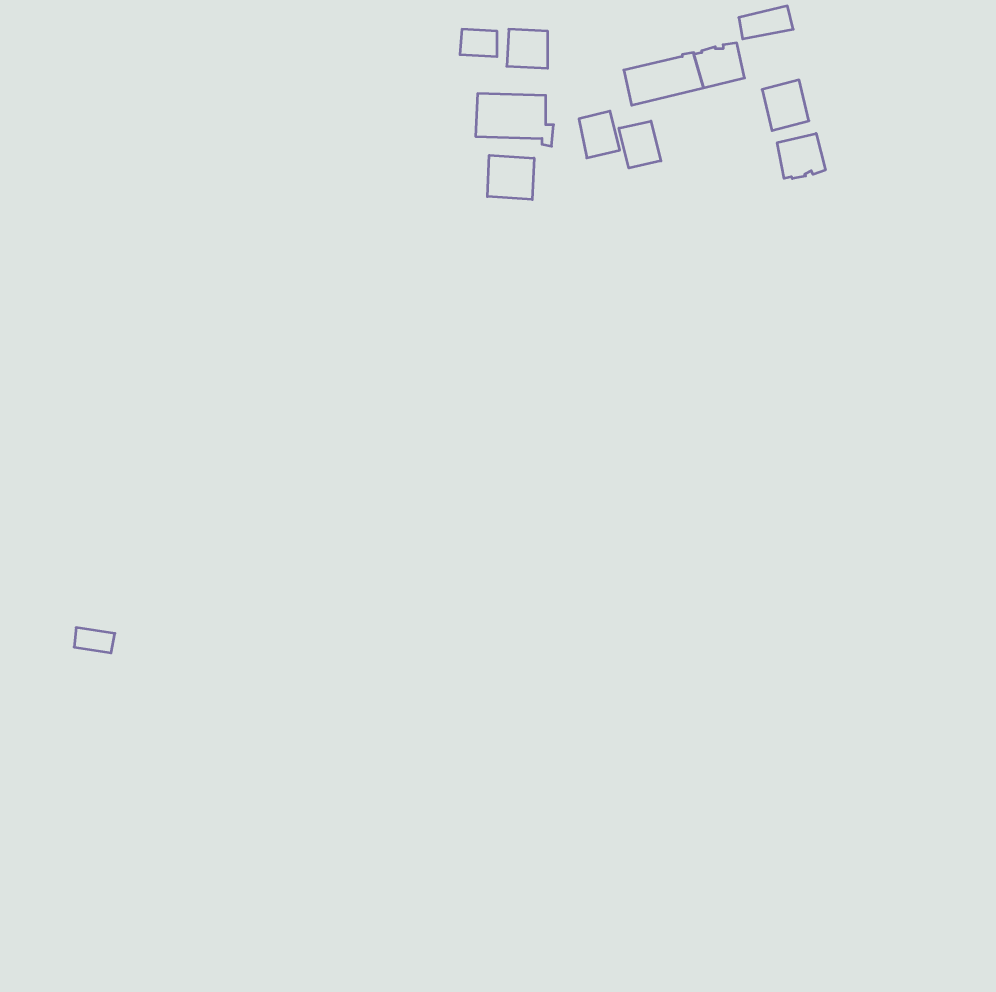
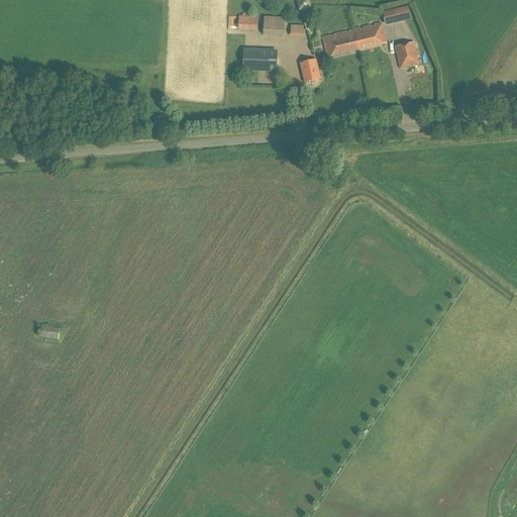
building: [619,121,661,168] -> none
building: [777,133,825,179] -> none
building: [487,155,534,200] -> none

